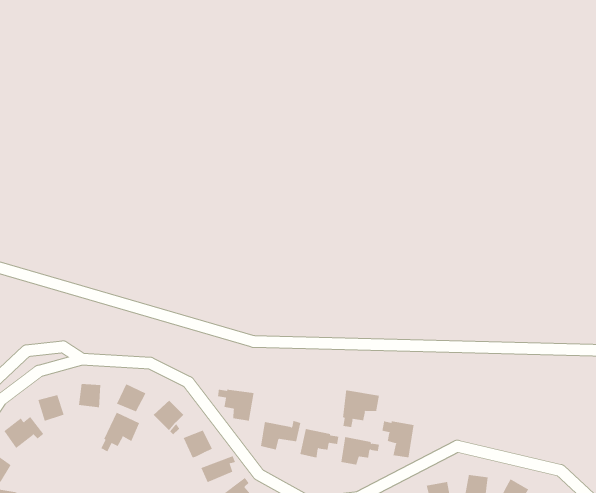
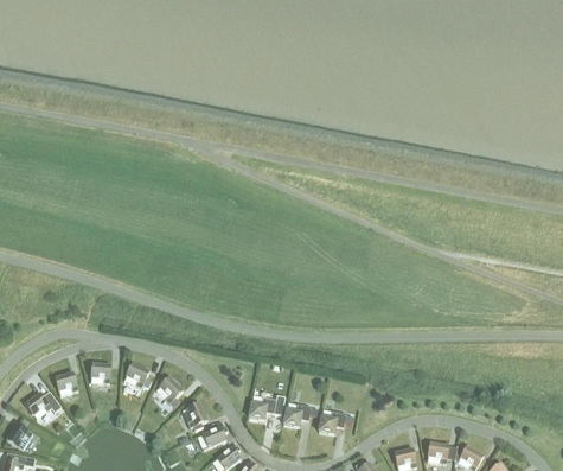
building: [217,389,254,422] -> none
building: [342,389,379,428] -> none
building: [100,412,140,452] -> none
building: [382,421,414,458] -> none

